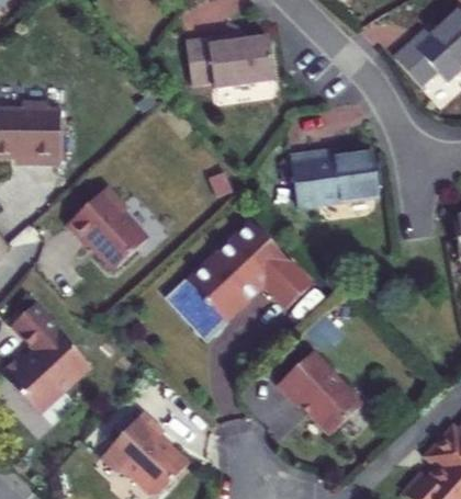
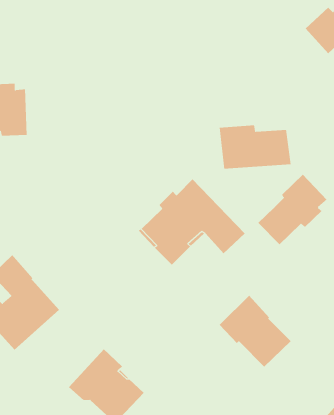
building: [187,43,277,97] -> none
building: [79,193,160,277] -> none
building: none -> [257,174,327,245]

